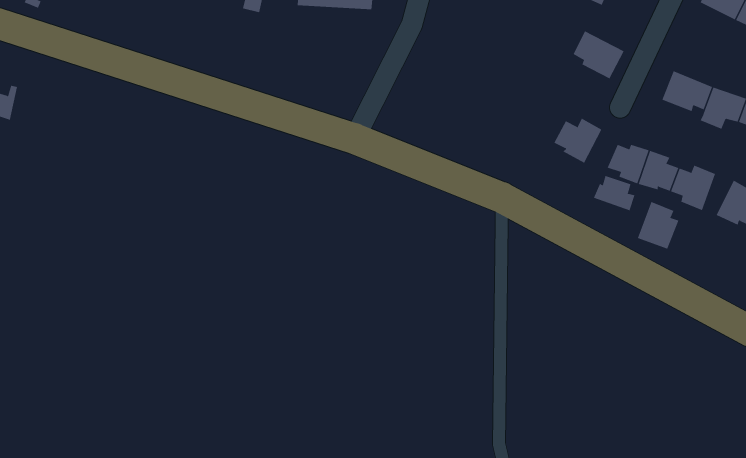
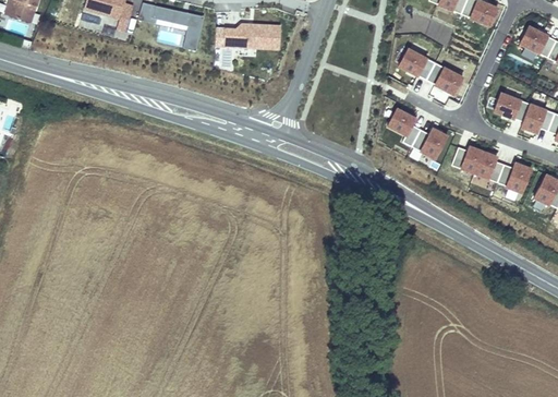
building: none -> [397,49,435,81]
building: none -> [386,109,421,146]
building: [593,175,635,211] -> none
building: [637,201,679,250] -> none

